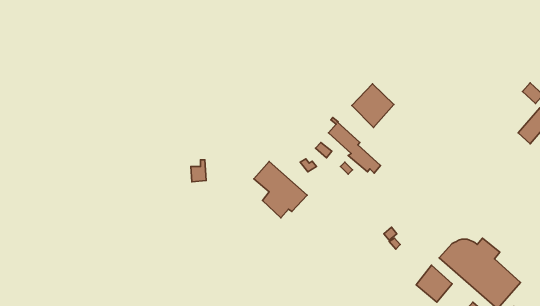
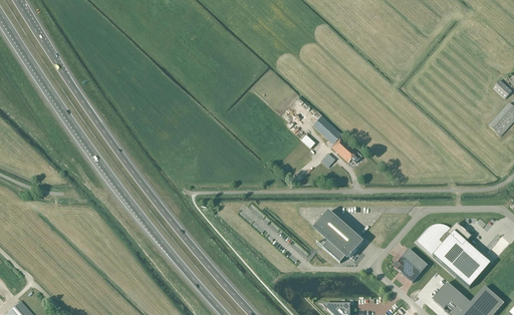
building: [352,84,394,127] -> none
building: [254,162,307,218] -> [314,210,363,262]

